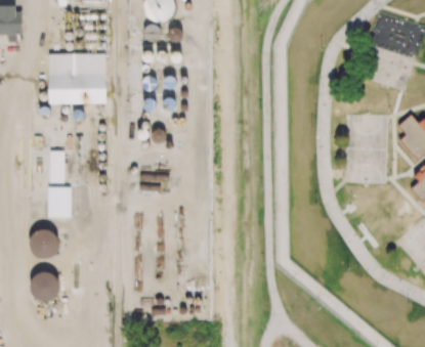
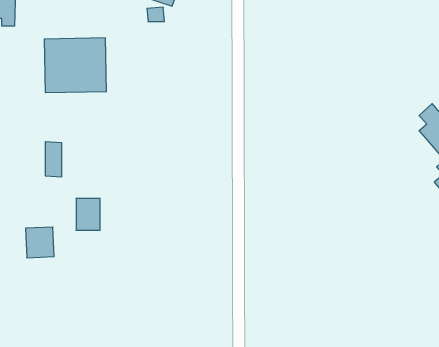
building: [47,186,70,216] -> [76,199,100,230]
building: [28,269,60,303] -> none

